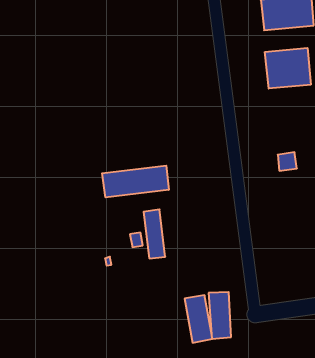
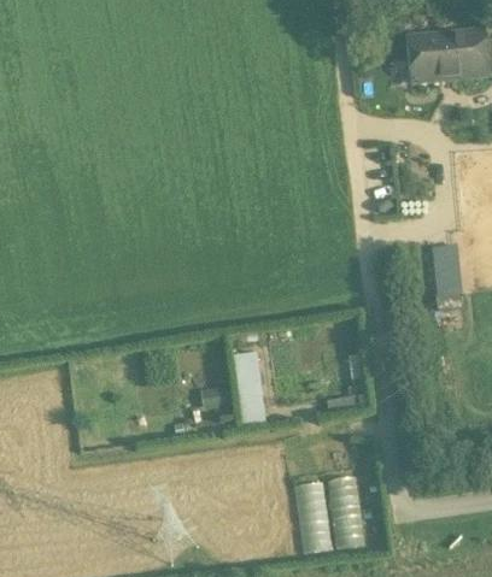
building: [265,48,311,89] -> none
building: [102,166,169,197] -> none

